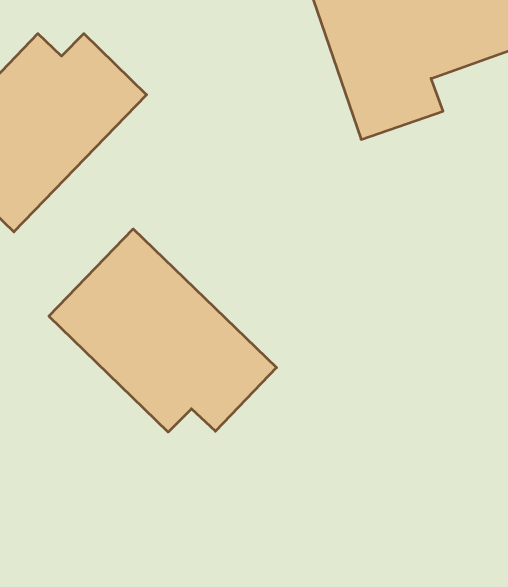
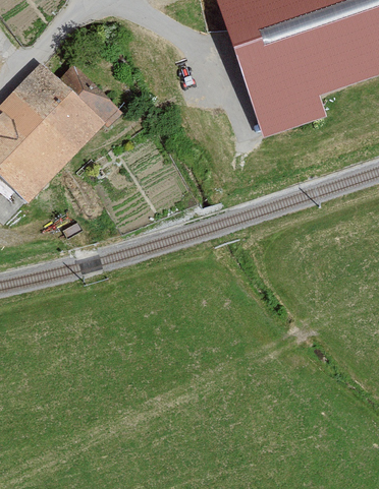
building: [49,229,277,432] -> none

